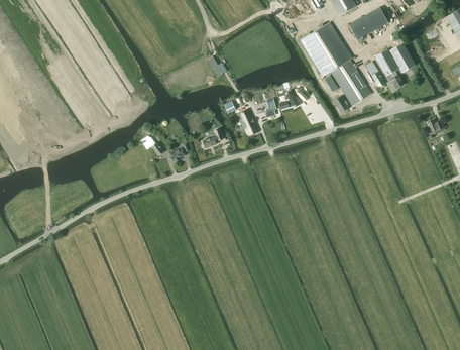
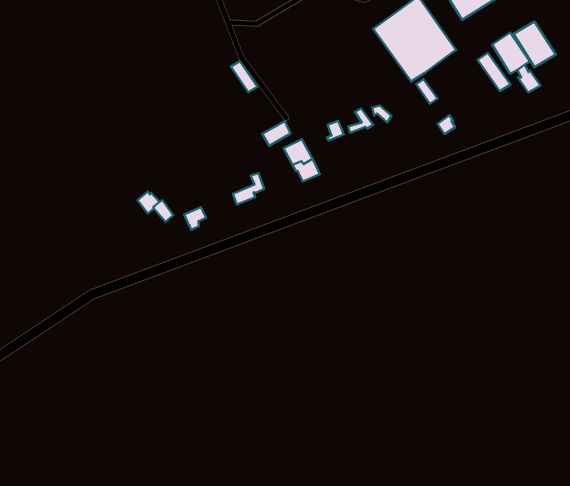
building: [331,59,371,105] -> none

